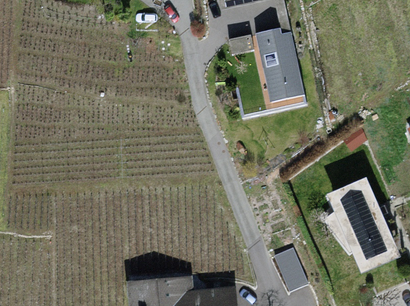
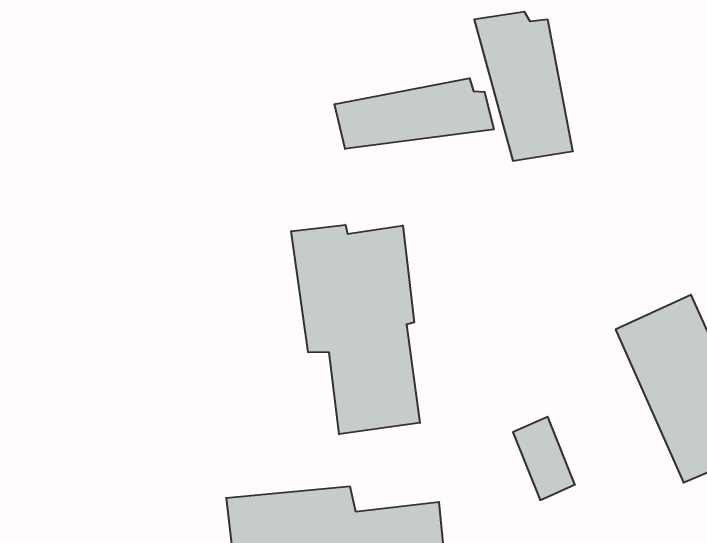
building: none -> [335,78,494,149]
building: none -> [291,225,420,434]

